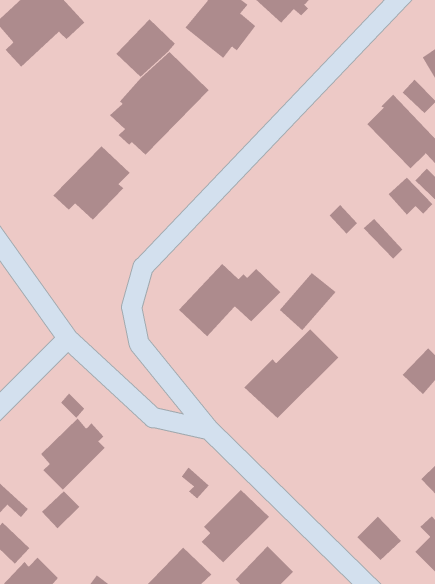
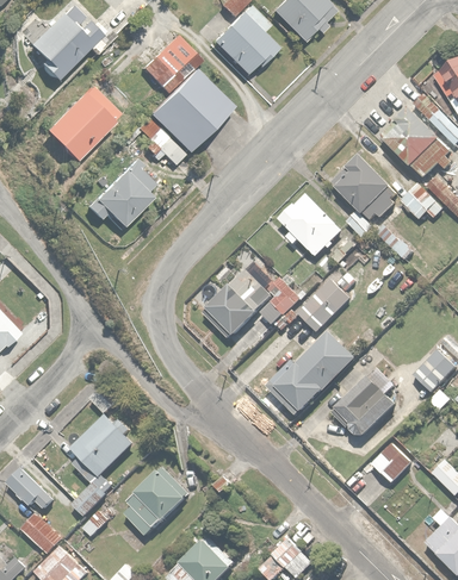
building: none -> [43,85,117,158]
building: none -> [333,152,400,223]
building: none -> [277,194,342,257]
building: none -> [333,367,396,438]
building: [201,489,270,563] -> [125,468,191,538]
building: [357,516,402,561] -> [369,441,411,484]

